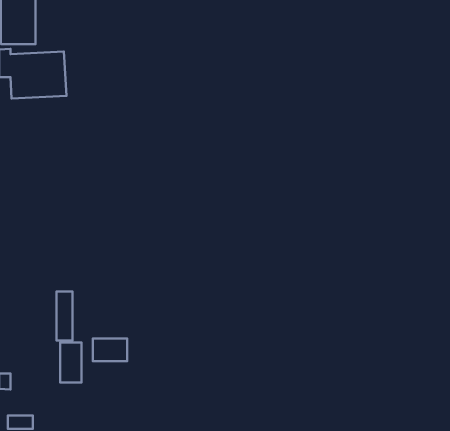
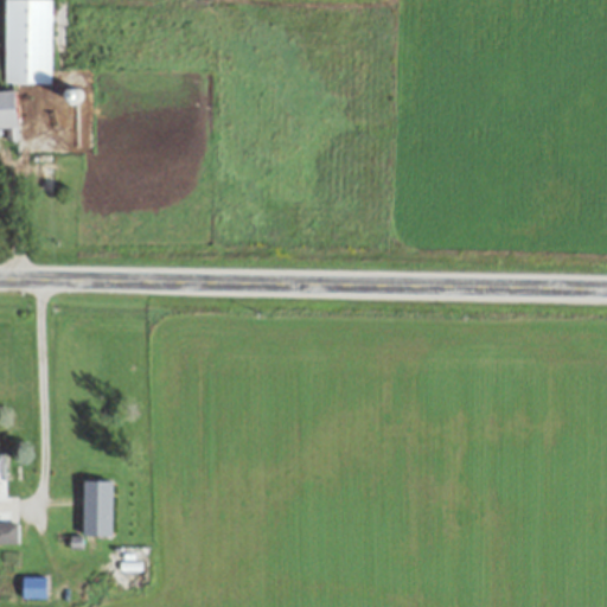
building: [56,291,73,341] -> none
building: [93,339,127,361] -> none

